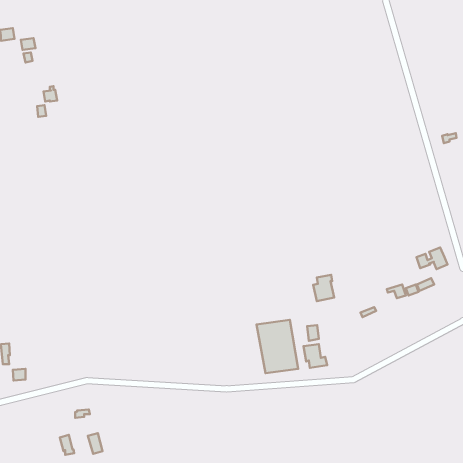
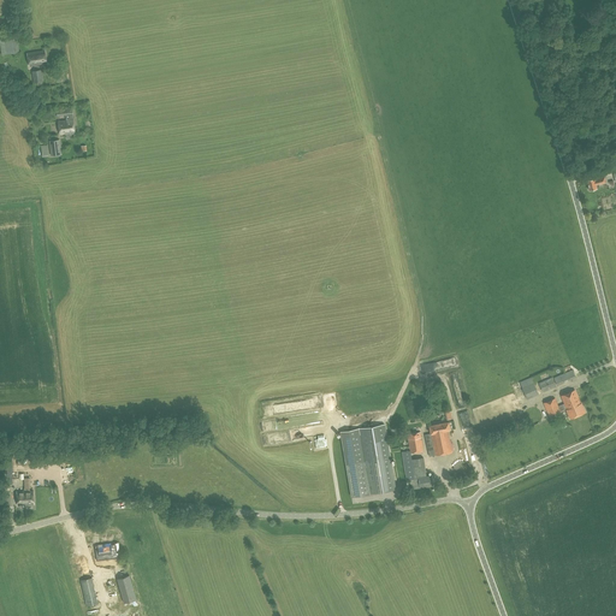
building: [417,247,447,269] -> [544,390,585,419]
building: [313,275,334,301] -> [425,421,452,456]

